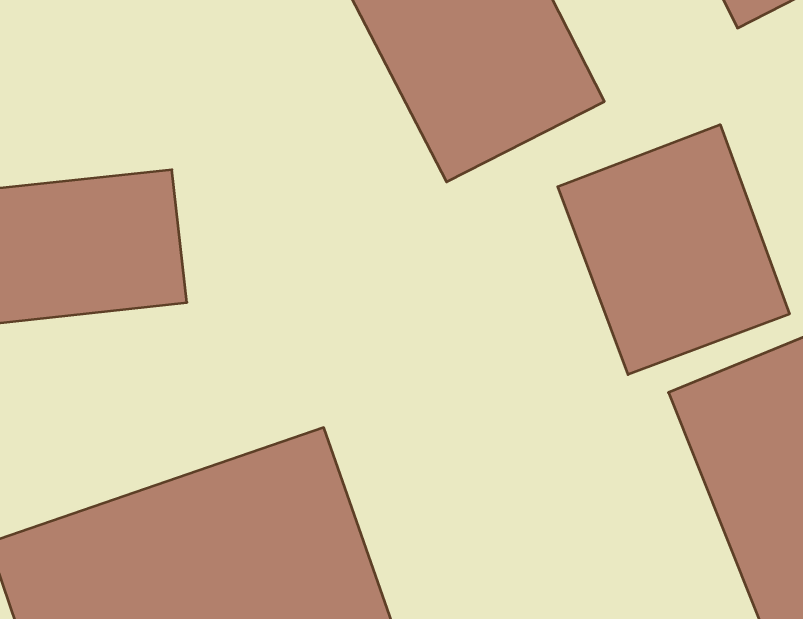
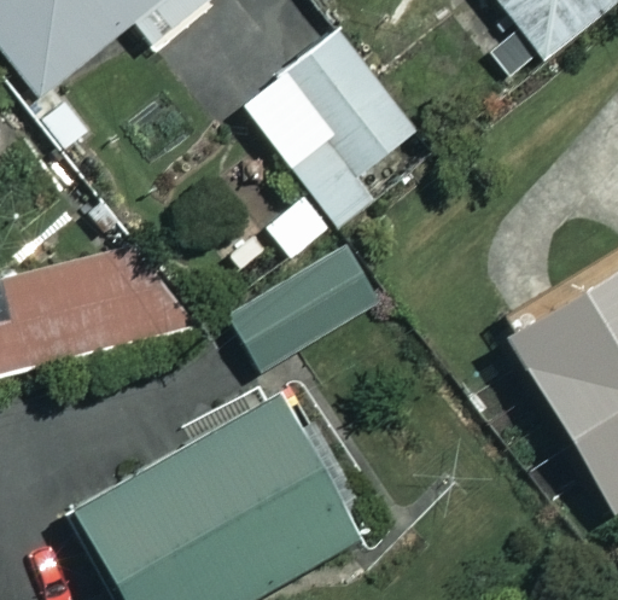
building: [558,125,789,375] -> none
building: none -> [229,194,371,368]

